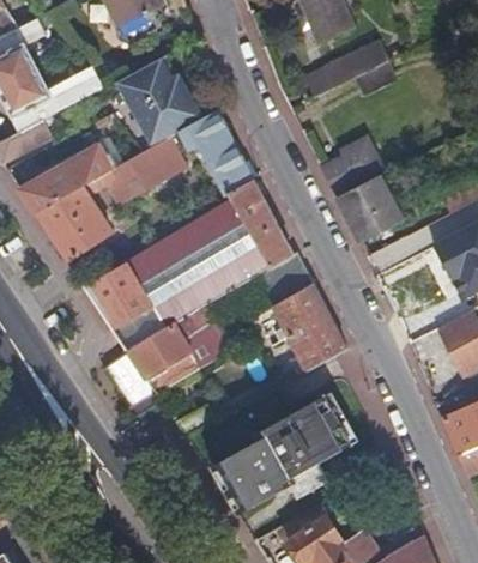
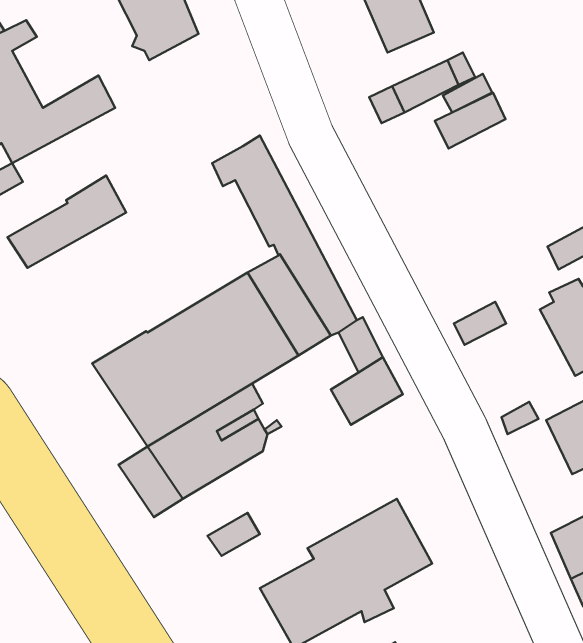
building: [117,56,204,145] -> none
building: [322,147,377,190] -> [435,93,506,148]
building: [36,149,164,260] -> none
building: [338,176,400,241] -> none
building: [288,310,346,369] -> none

